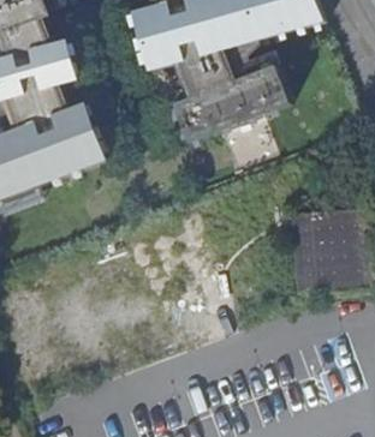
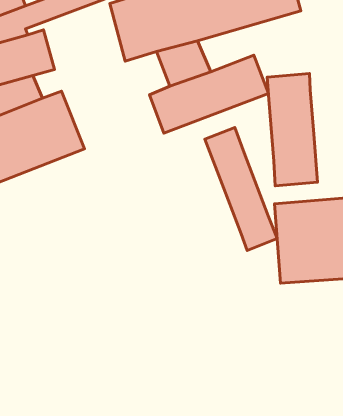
building: none -> [267,74,318,186]
building: none -> [205,127,277,250]

